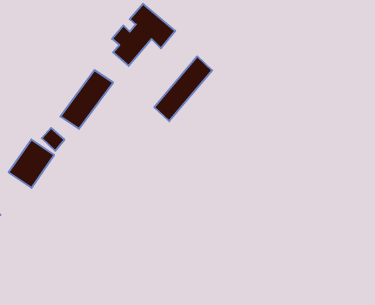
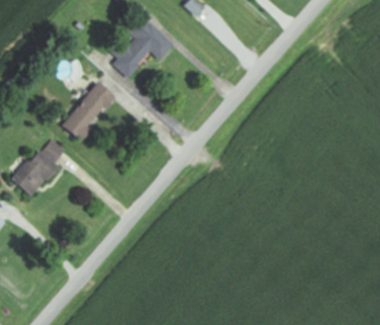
building: [154,56,212,121] -> none

